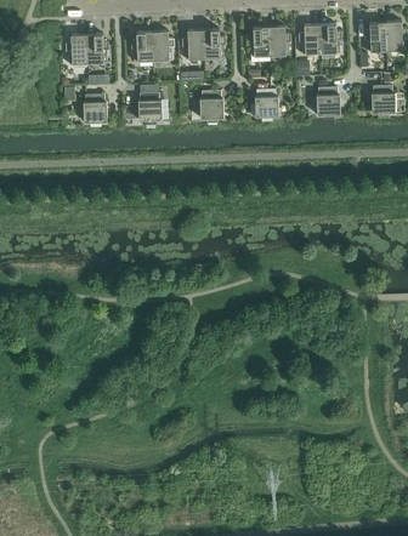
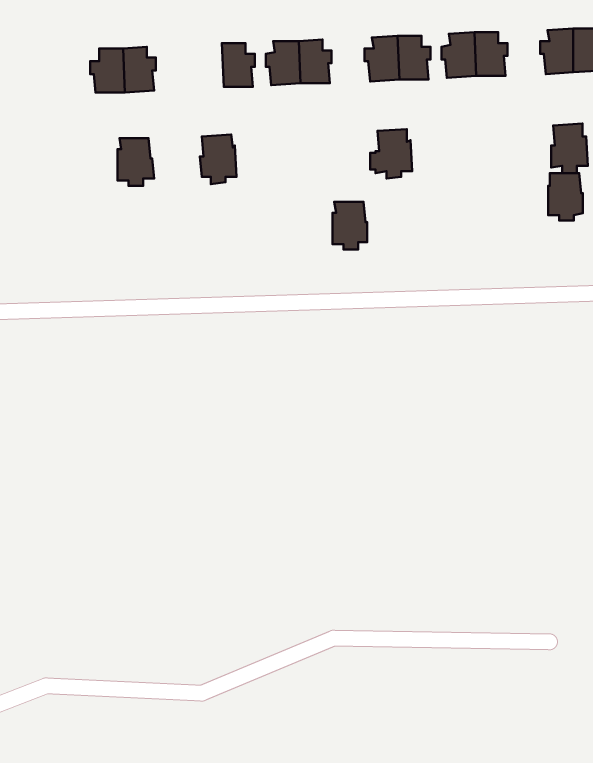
building: [130,30,153,61] -> none
building: [316,86,339,118] -> [548,173,583,221]
building: [199,90,222,121] -> [332,202,367,250]

